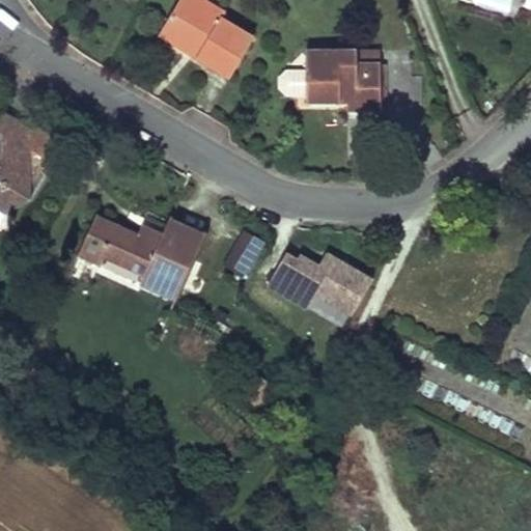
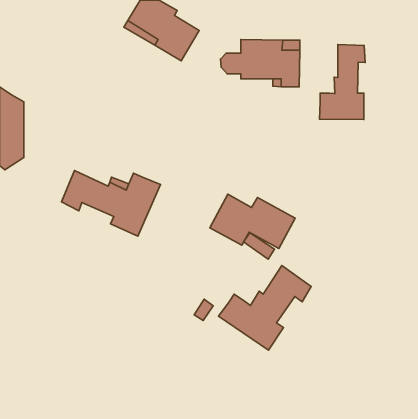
building: none -> [319,45,365,120]
building: [226,230,264,276] -> none
building: none -> [219,266,311,350]

